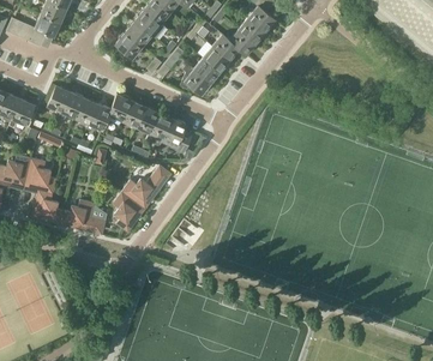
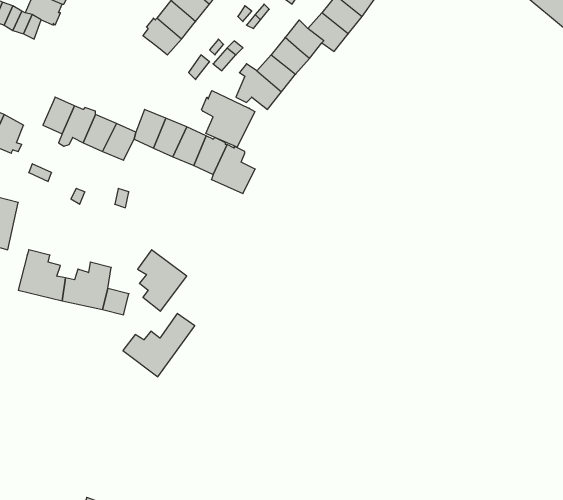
building: none -> [201,91,255,147]
building: [24,157,56,193] -> none
building: [122,164,172,207] -> [123,313,195,377]

